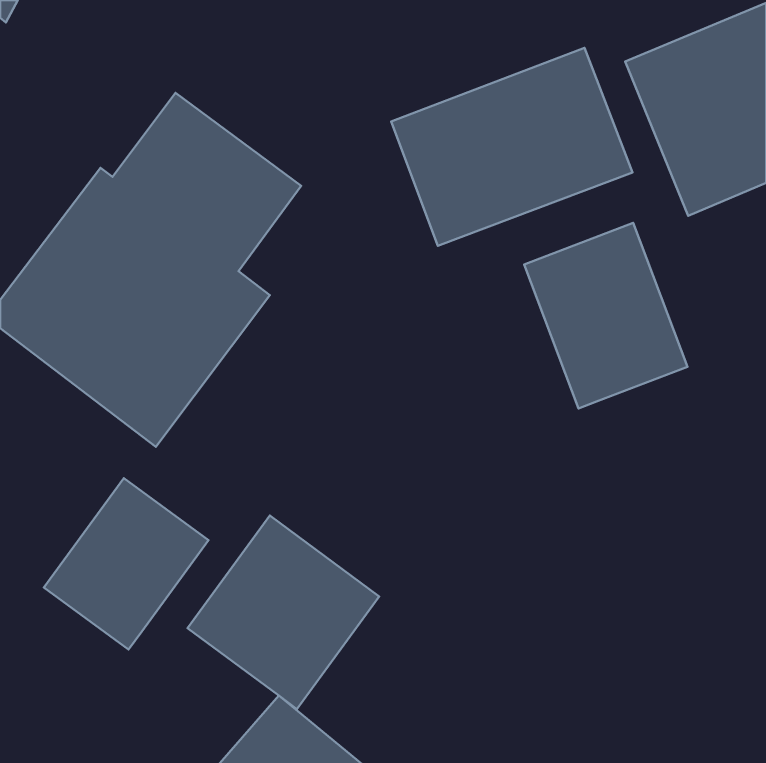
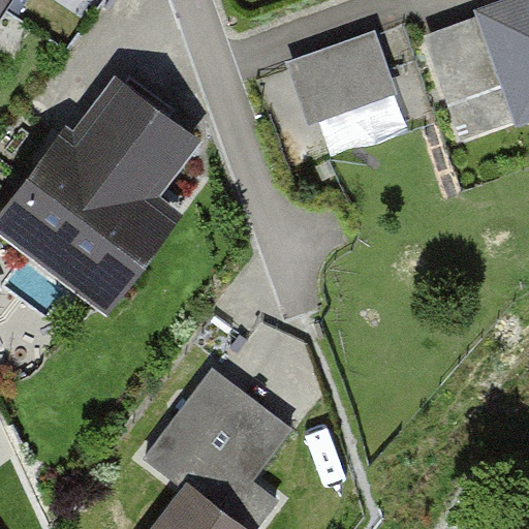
building: [524,223,687,408] -> none
building: [44,478,208,650] -> none

